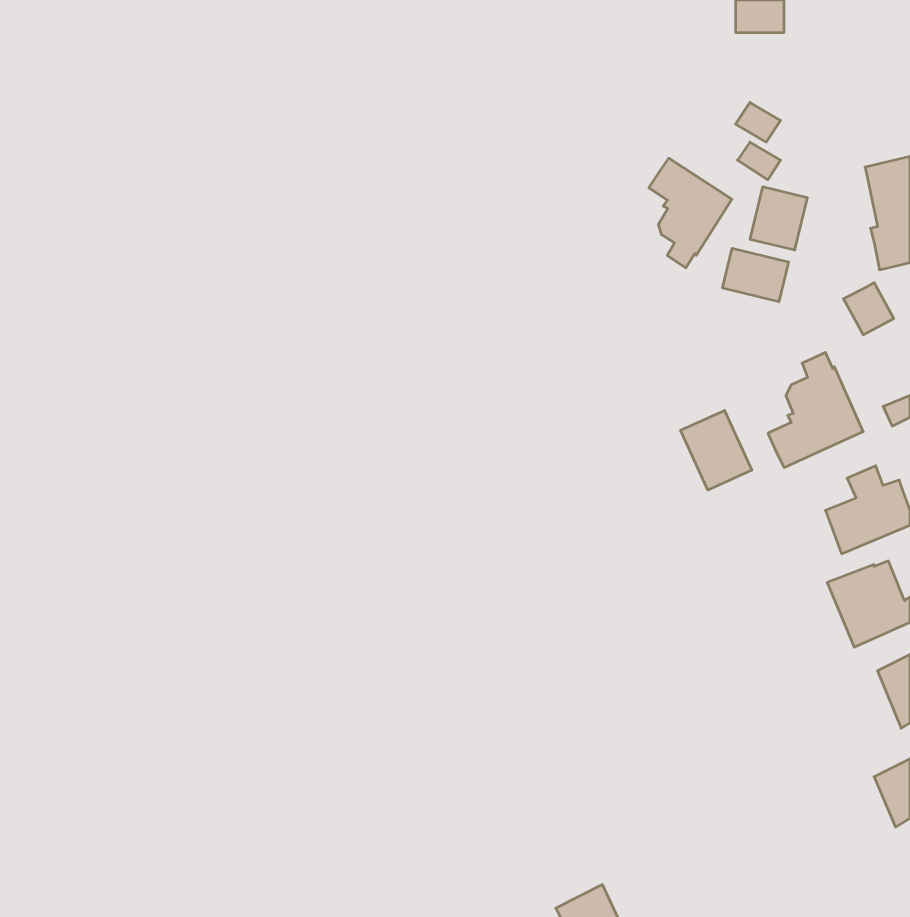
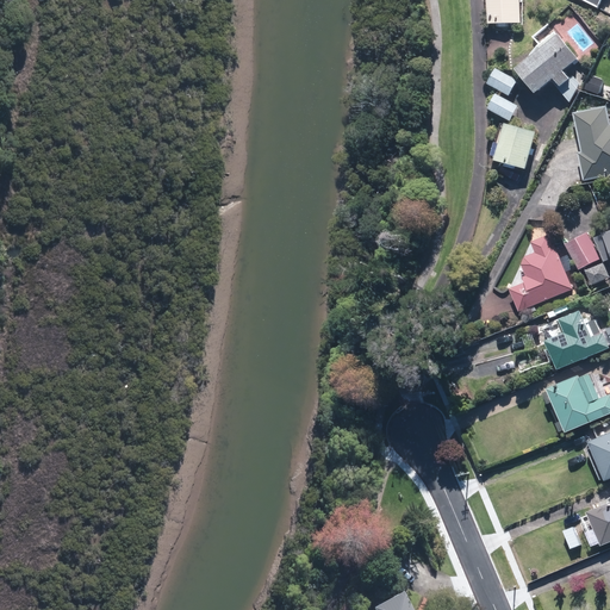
building: none -> [519,33,581,91]
building: [649,158,732,268] -> none
building: [723,248,789,302] -> none
building: [843,283,894,335] -> [565,234,598,268]
building: [681,410,752,490] -> none

